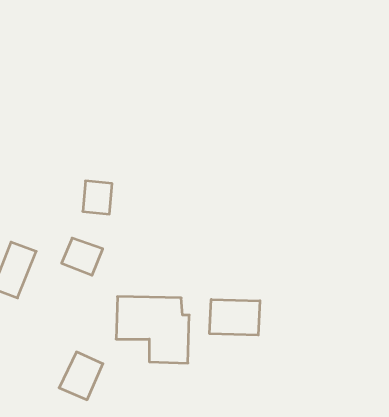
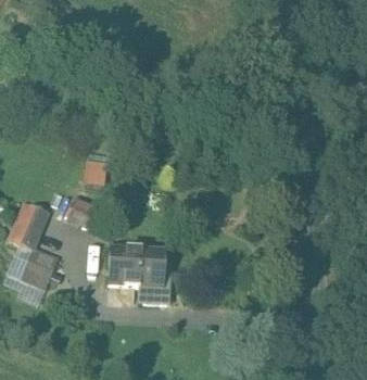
building: [210,299,260,335] -> none
building: [59,352,103,400] -> [22,250,58,289]

